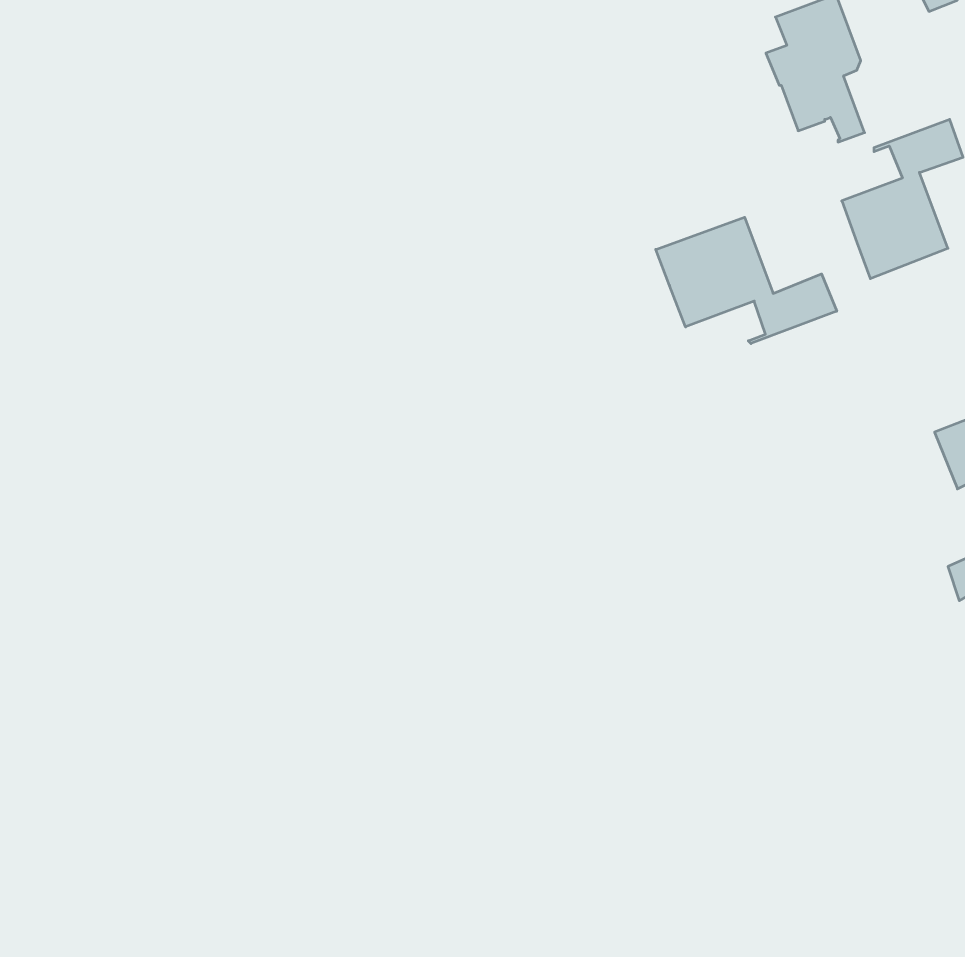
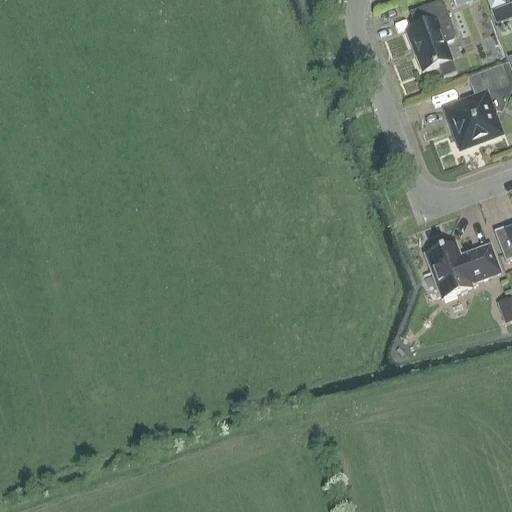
building: [656,217,837,344] -> none
building: none -> [427,242,502,296]

